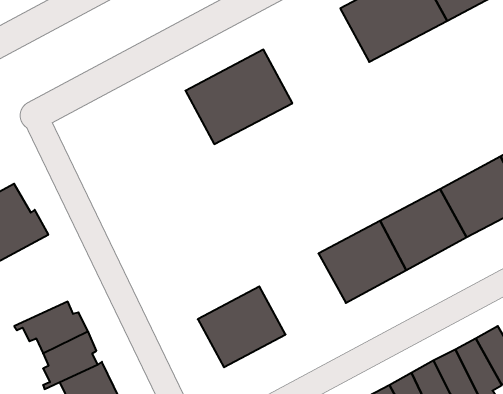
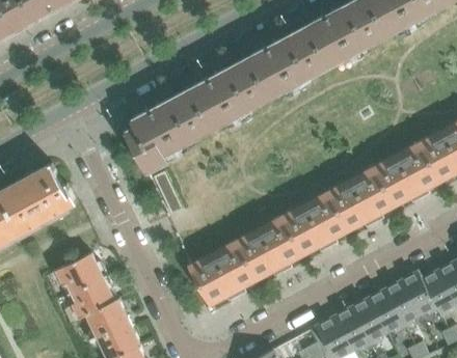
building: none -> [240,31,320,103]
building: none -> [125,93,203,172]
building: none -> [237,217,302,278]

